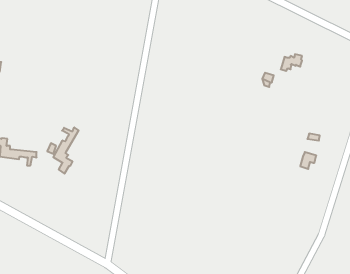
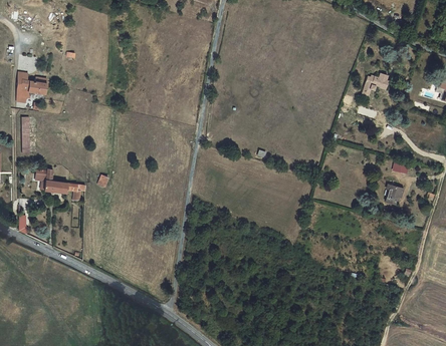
building: [53,127,79,174] -> none

